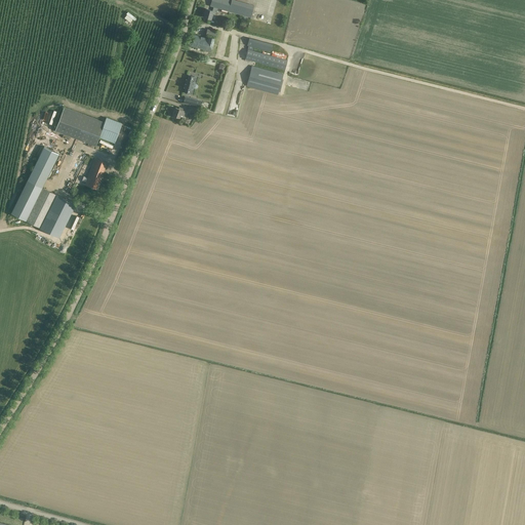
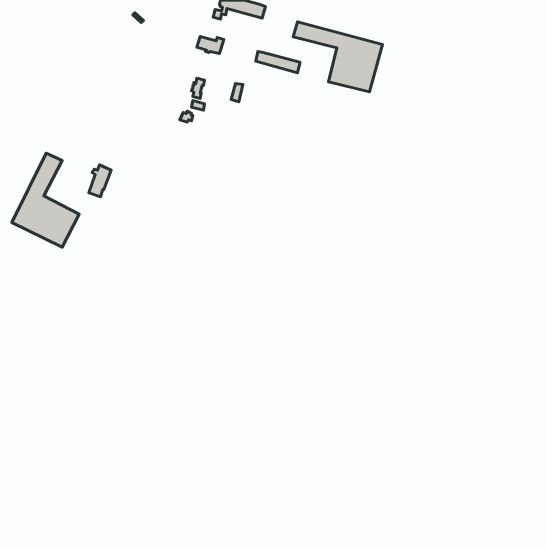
building: none -> [293,22,382,92]
building: [246,67,283,95] -> none
building: [54,107,122,146] -> none

